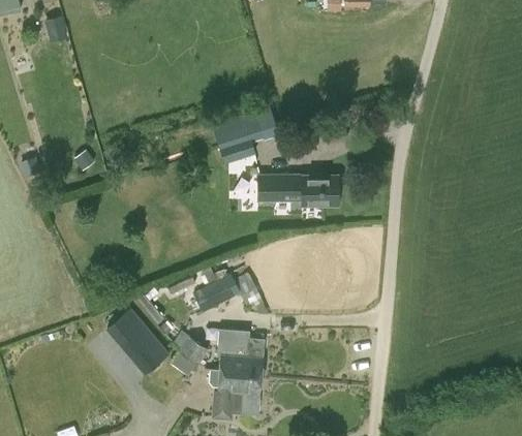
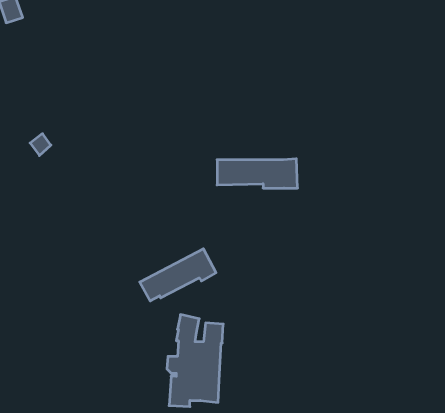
building: [214,106,278,164] -> none
building: [105,308,170,376] -> none
building: [172,332,209,365] -> none

